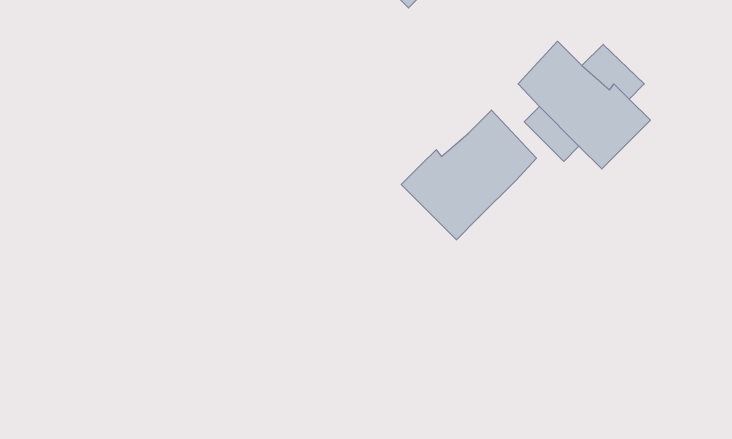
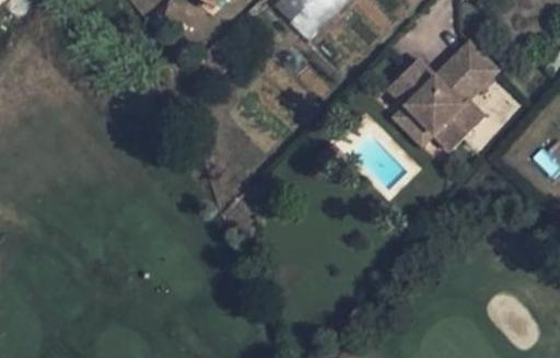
building: none -> [448,37,501,91]
building: [401,110,536,240] -> none

